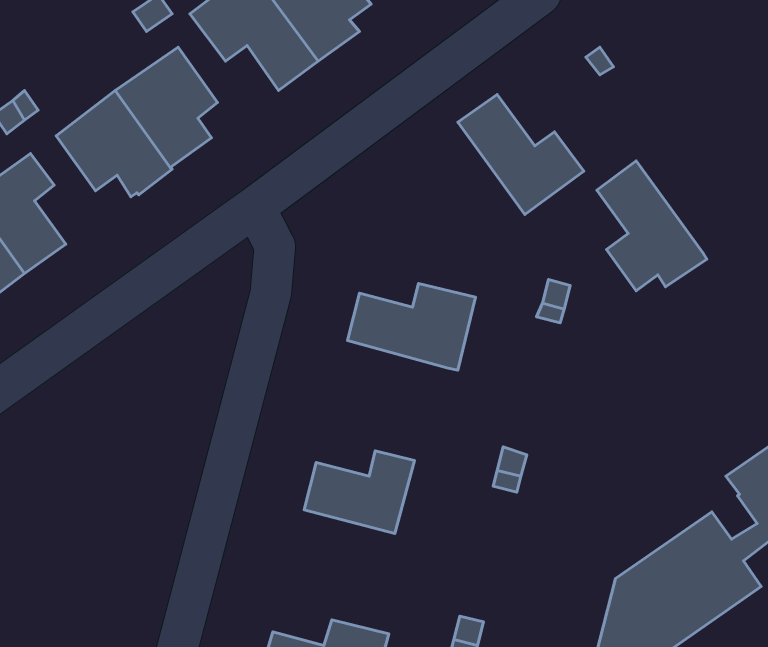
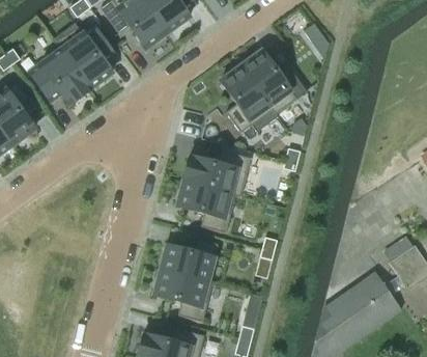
building: [597,161,707,291] -> [221,65,279,134]
building: none -> [177,181,236,234]
building: none -> [153,270,214,322]

